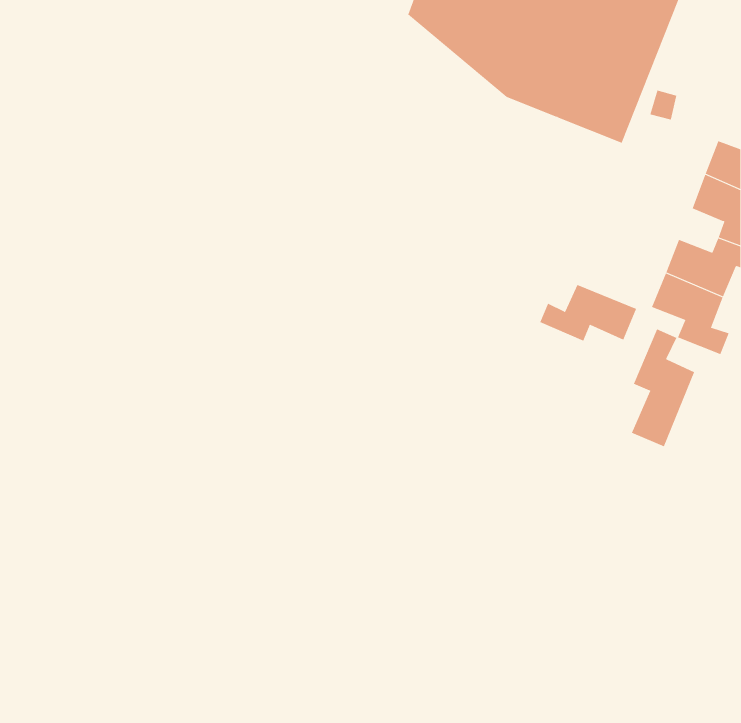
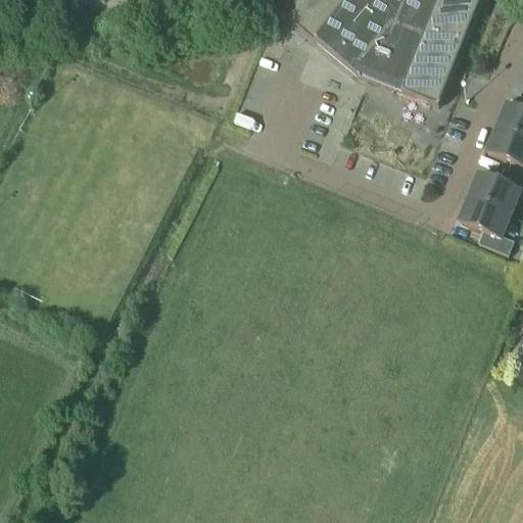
building: [539,284,637,342] -> none
building: [631,329,695,447] -> none

